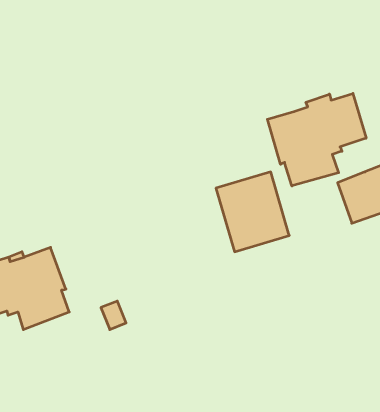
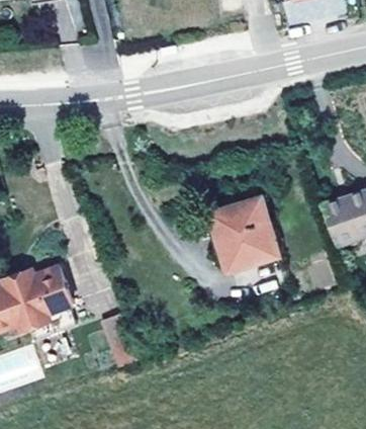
building: [267,93,366,186] -> none

